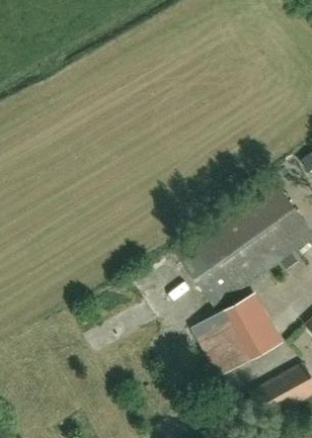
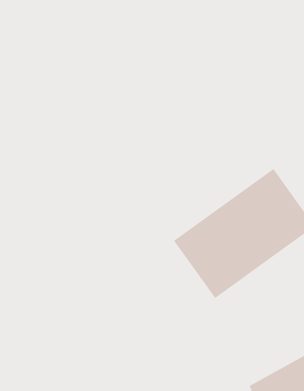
building: [190,293,283,378] -> none

